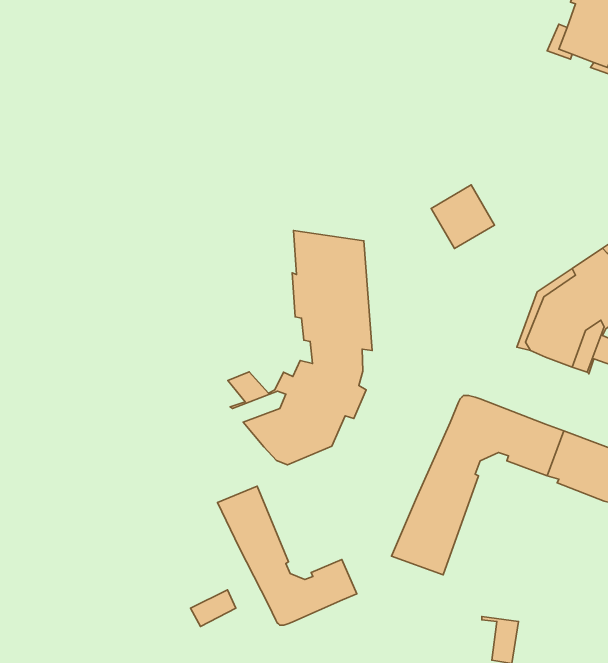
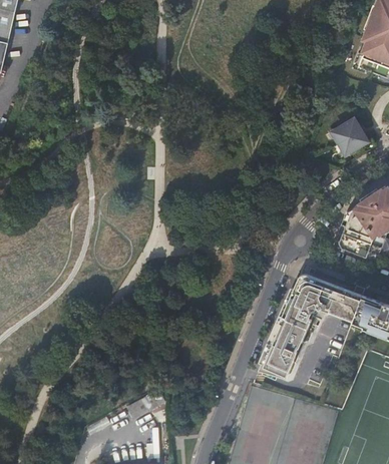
building: [431,185,495,249] -> [331,117,369,155]
building: [228,230,372,465] -> none
building: [217,486,357,625] -> none

